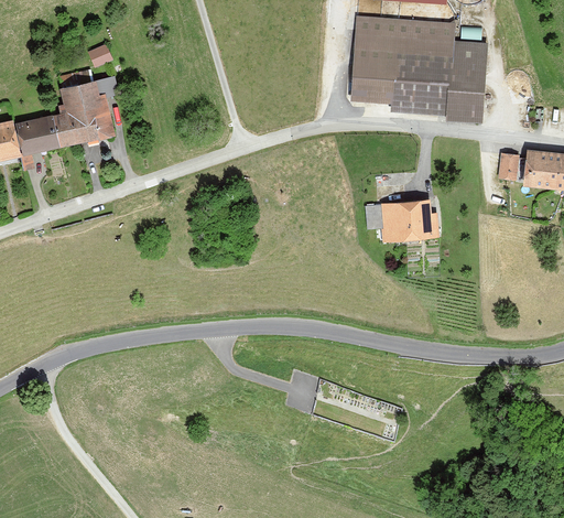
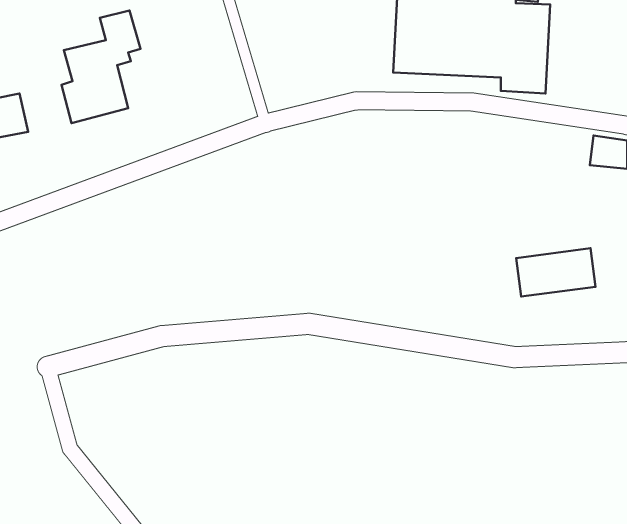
building: [18,112,64,154] -> none
building: [494,153,517,182] -> none
building: [368,199,438,242] -> [516,248,595,297]

